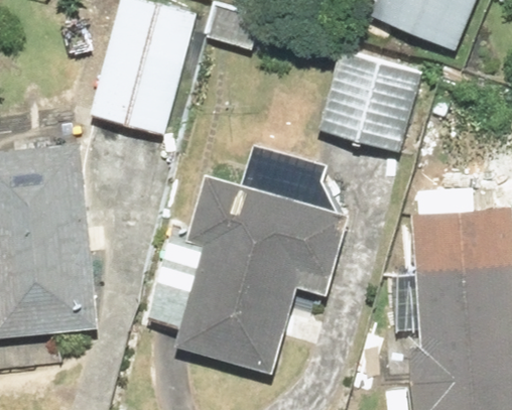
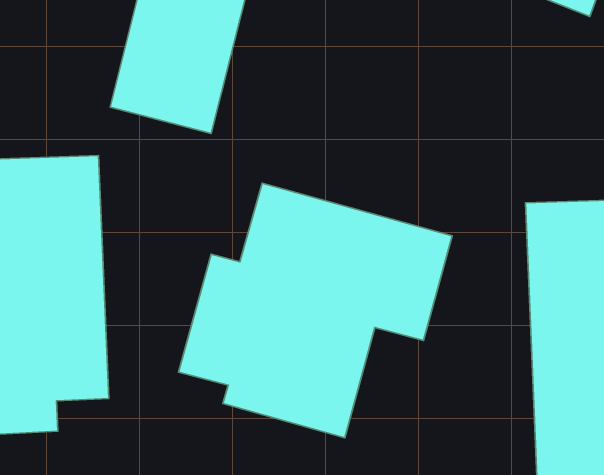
building: [323,50,432,150] -> none

